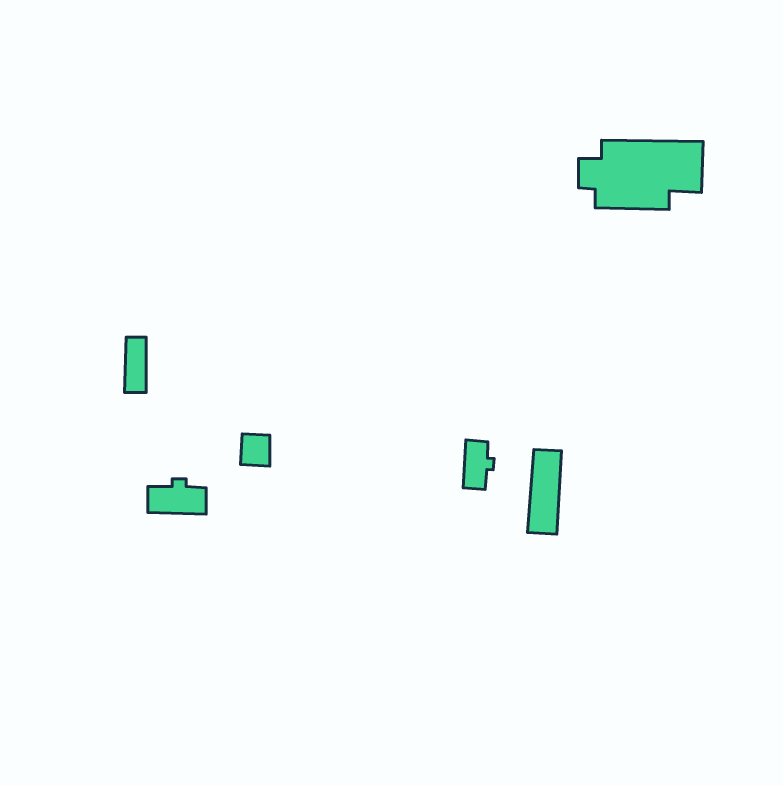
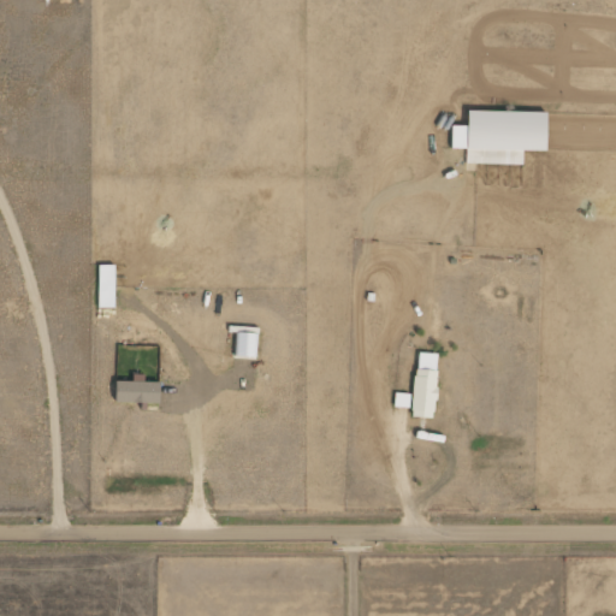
building: [240,434,270,466] -> [235,331,257,356]
building: [463,440,494,489] -> none

